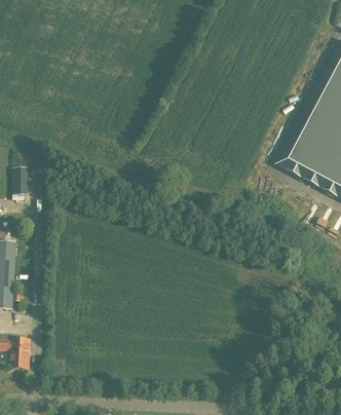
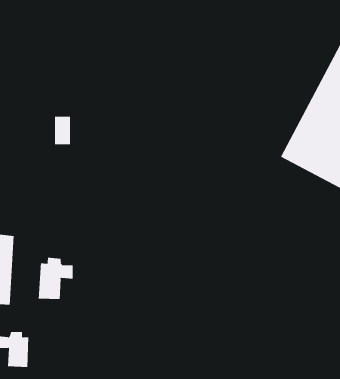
building: [12,166,29,194] -> [54,116,71,145]
building: none -> [38,257,73,300]

